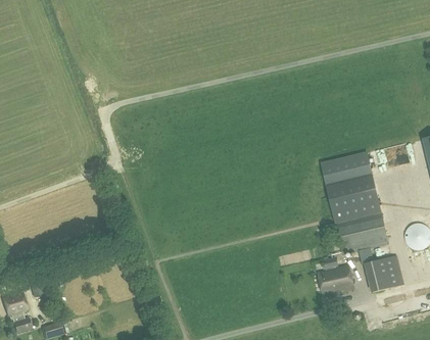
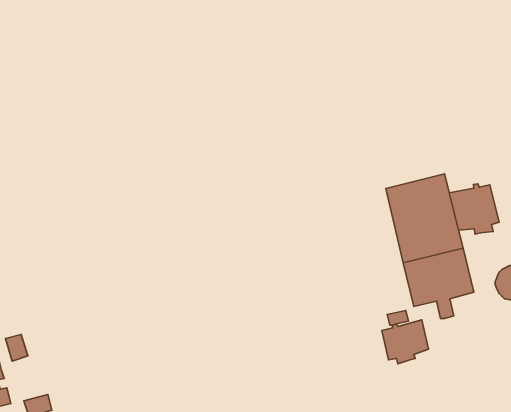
building: none -> [449,184,499,234]
building: [366,254,403,291] -> none

